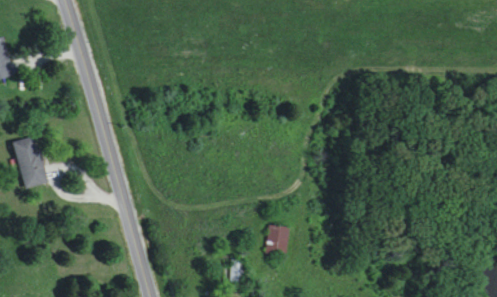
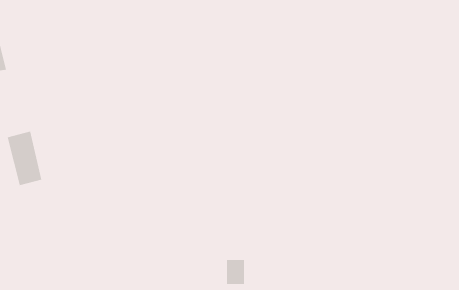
building: [267,223,291,254] -> none

